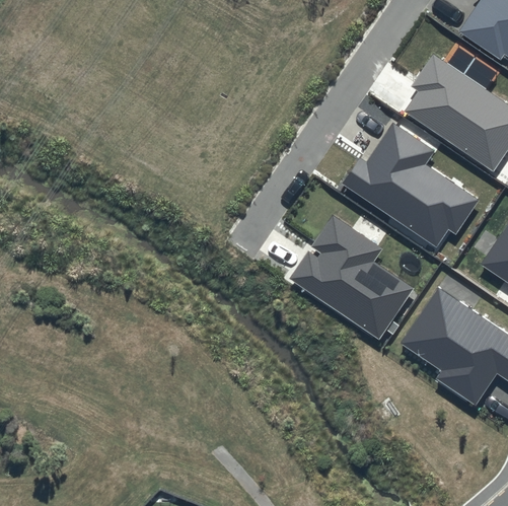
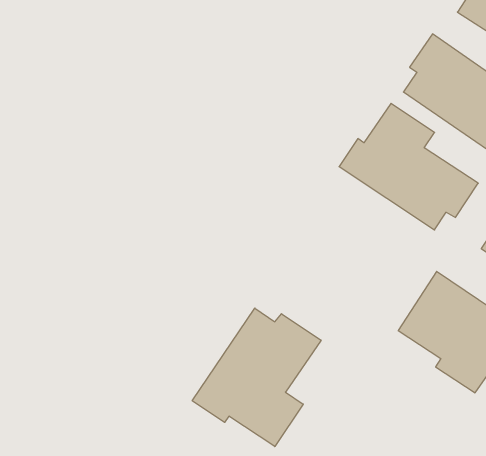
building: [290,216,413,339] -> none
building: none -> [192,308,321,447]

